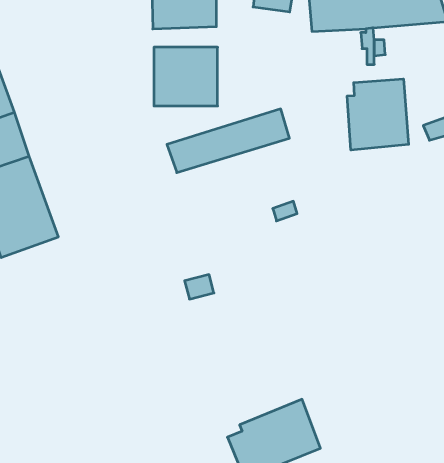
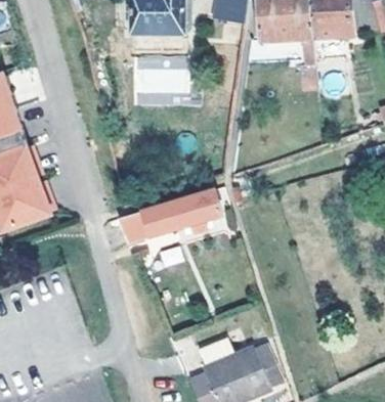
building: [347,79,409,150] -> none
building: [167,109,289,173] -> [120,189,222,242]

